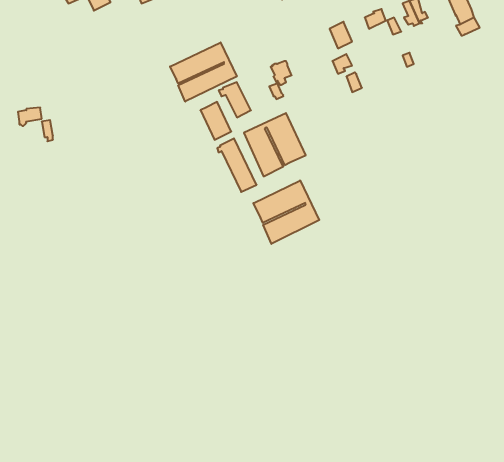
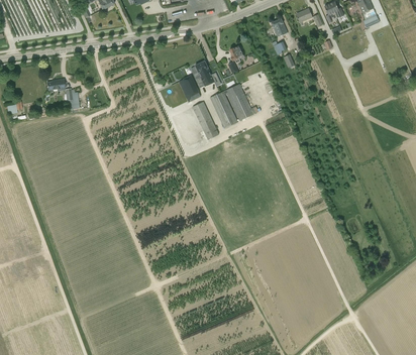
building: [170,42,237,102] -> none
building: [253,180,319,244] -> none

